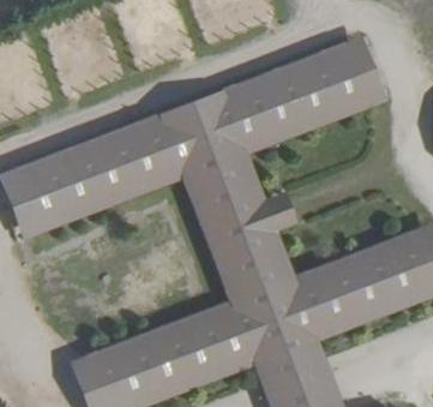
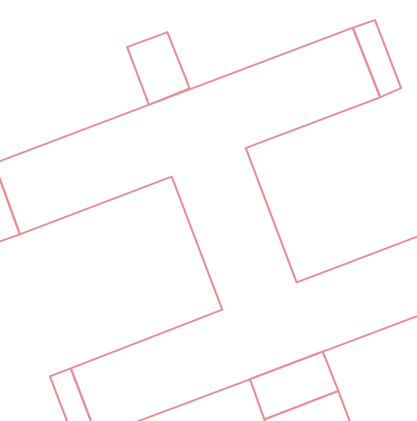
building: none -> [127,32,189,105]

